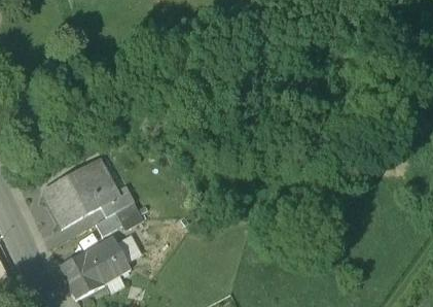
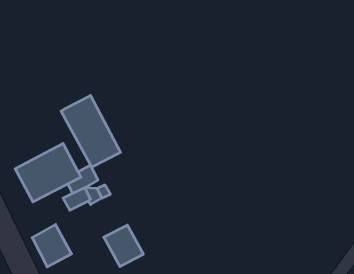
building: none -> [61,95,121,167]
building: [87,237,131,282] -> [104,225,143,267]

